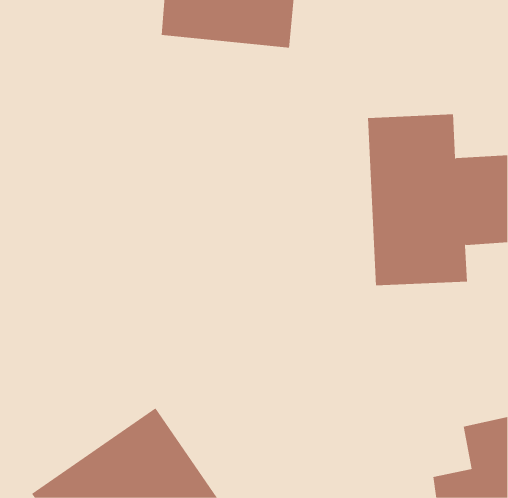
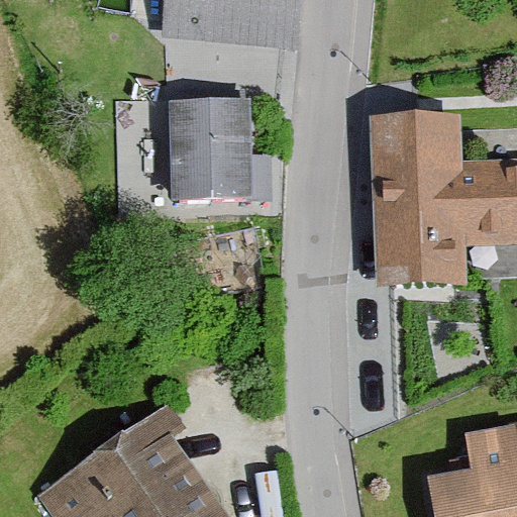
building: none -> [172,101,260,203]

